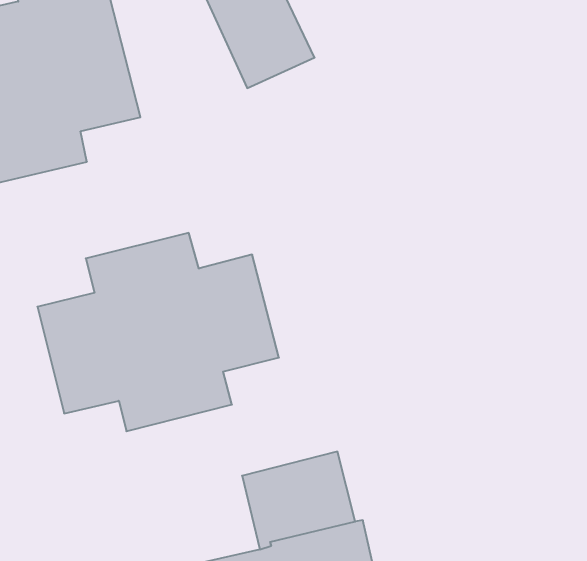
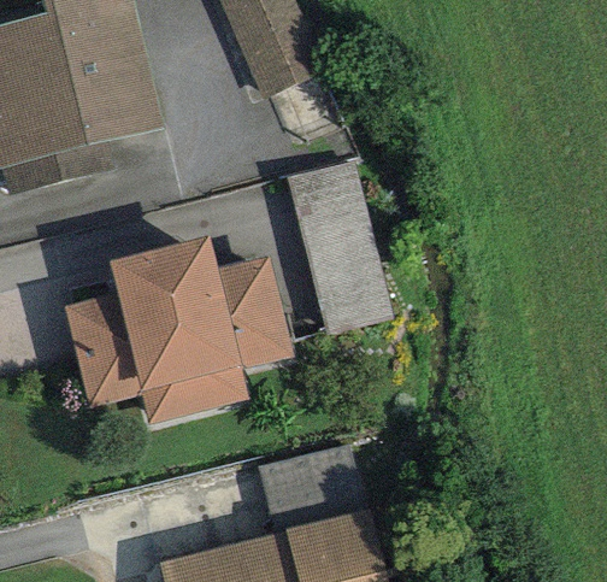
building: none -> [300,186,395,351]

